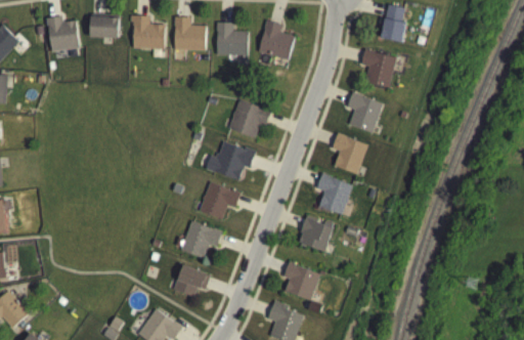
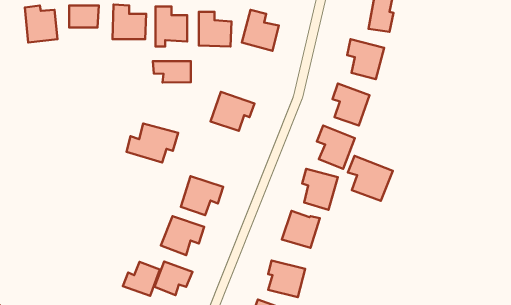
building: none -> [153,61,191,83]
building: [205,141,255,179] -> [126,123,178,162]
building: none -> [348,156,393,201]
building: none -> [123,262,160,296]

